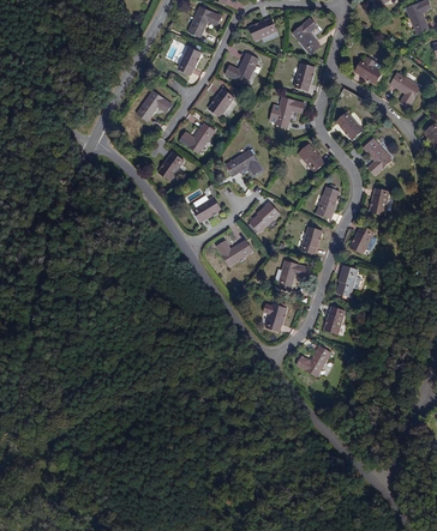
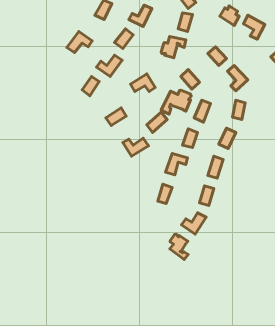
building: none -> [161,90,191,114]
building: none -> [170,234,188,260]

